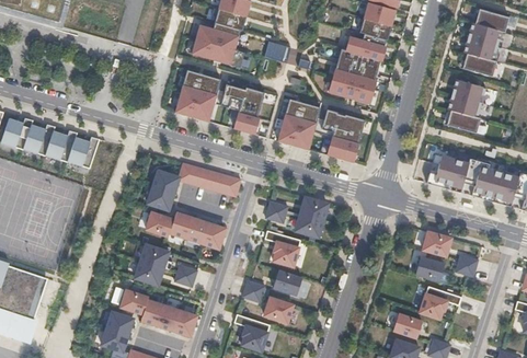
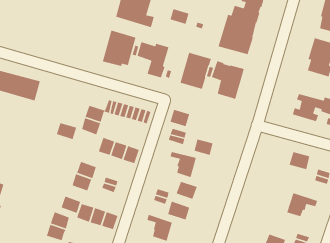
building: [299,196,326,220] -> [169,109,190,127]
building: [145,212,173,236] -> [56,122,77,140]
building: [415,256,444,281] -> none
building: [392,313,422,338] -> none

